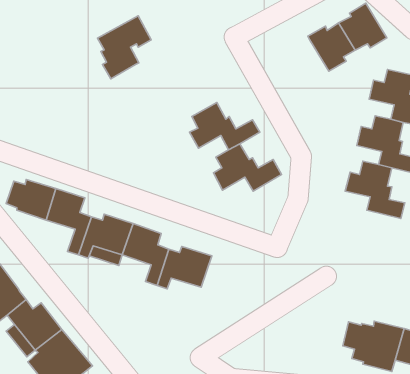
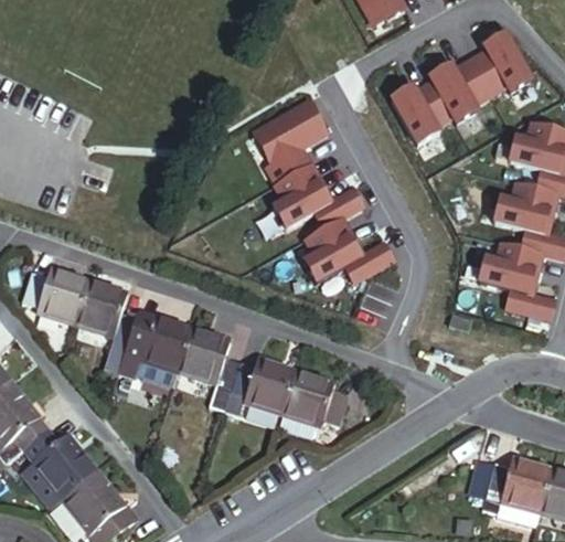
building: [97,16,151,79] -> [255,100,327,184]
building: none -> [390,82,451,147]
building: none -> [280,370,350,436]

